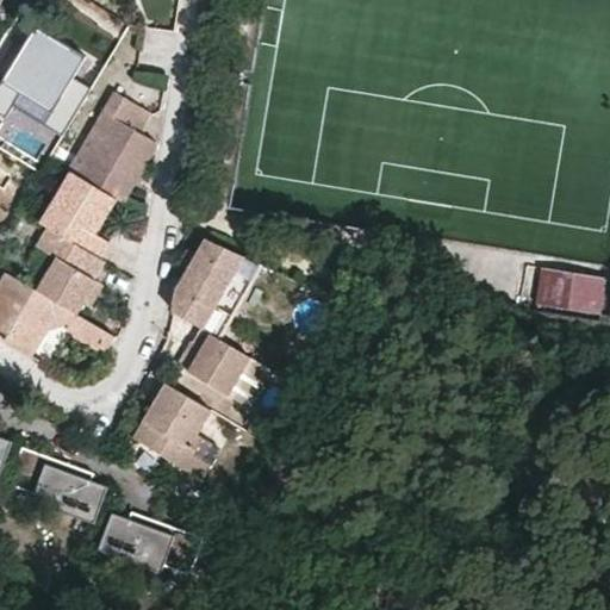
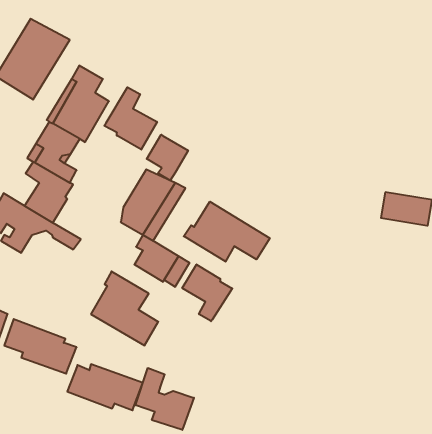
building: none -> [104,87,157,150]
building: none -> [147,135,188,181]
building: none -> [184,202,270,262]
building: none -> [182,264,232,321]
building: none -> [135,368,194,430]

